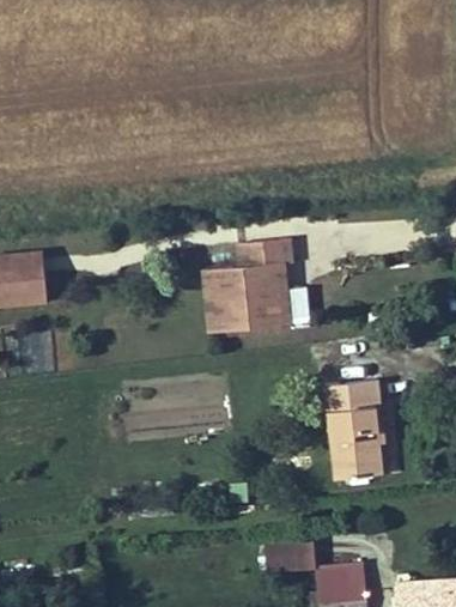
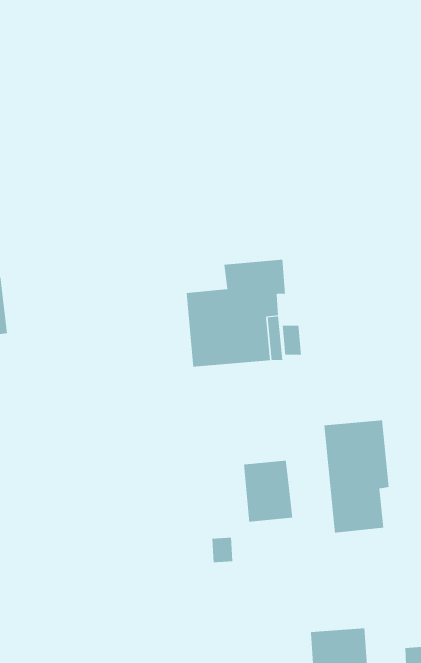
building: none -> [243,460,293,523]
building: [262,532,314,572] -> none

